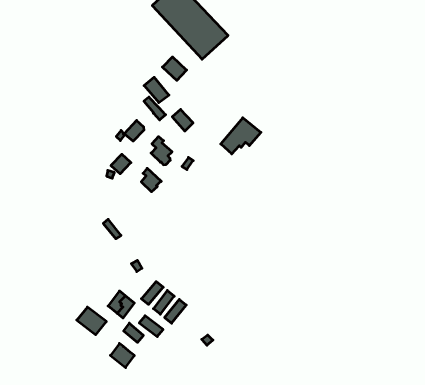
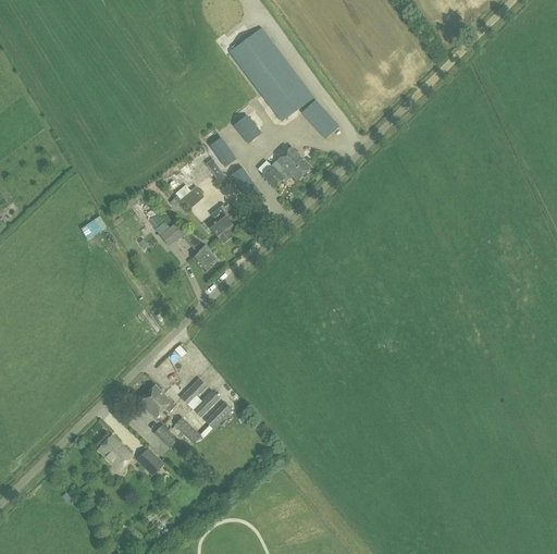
building: none -> [300,99,338,138]
building: [221,118,261,154] -> [261,146,310,187]
building: [77,307,106,335] -> [97,435,132,469]

